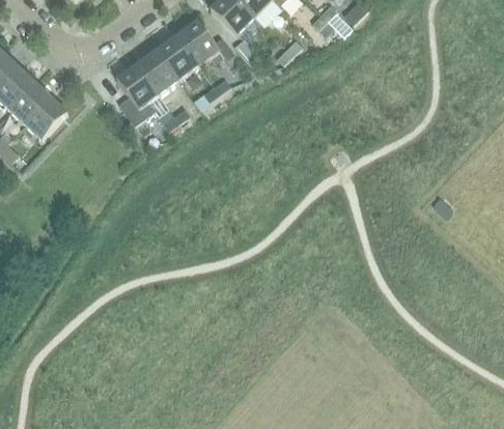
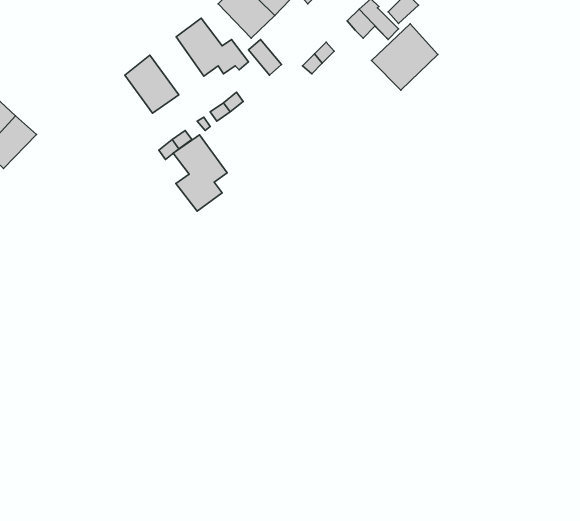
building: none -> [372,24,438,90]
building: [157,34,199,80] -> none
building: [116,64,159,124] -> [173,135,227,211]

